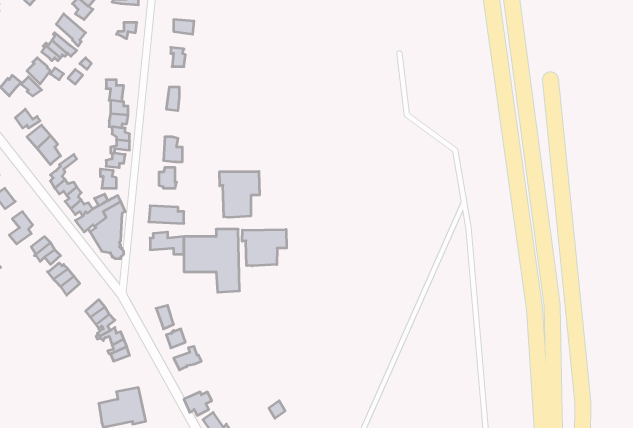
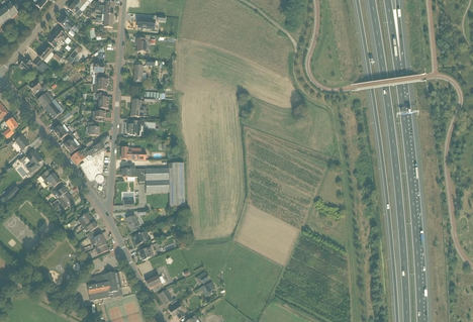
building: [220,171,259,217] -> none
building: [242,229,287,266] -> none

